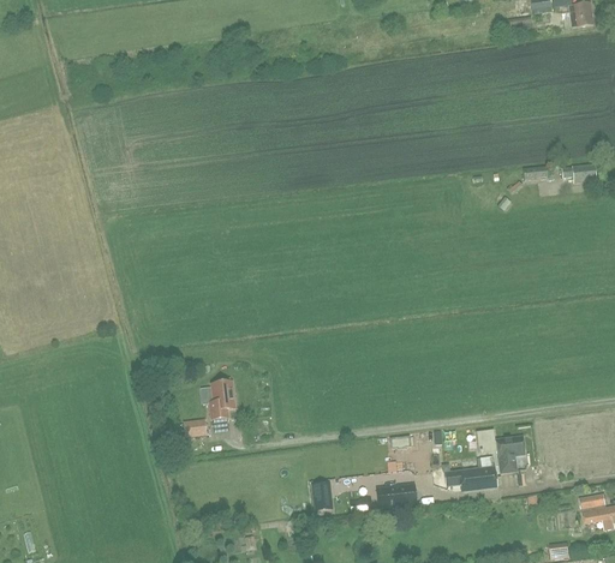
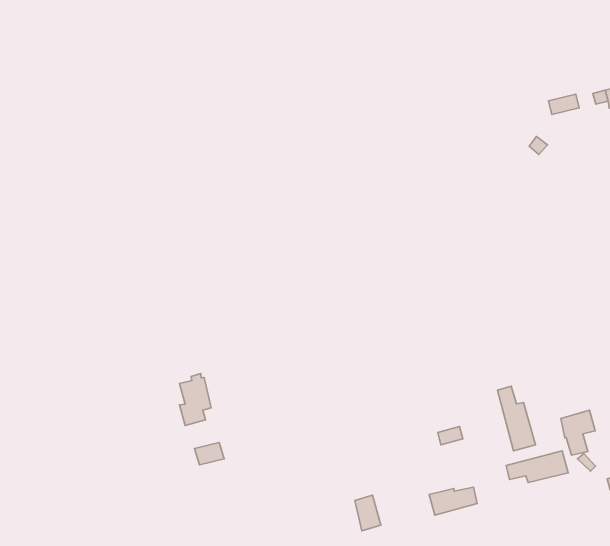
building: [208,377,234,419] -> [179,374,211,425]
building: none -> [497,386,535,451]

